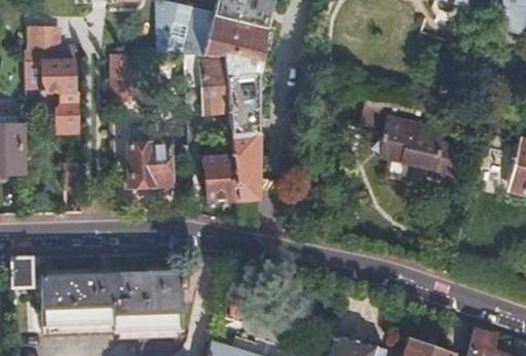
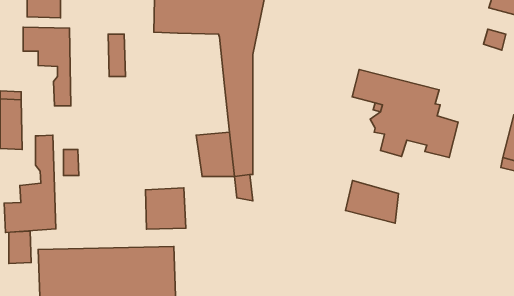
building: [194,58,229,111] -> none
building: [127,142,168,184] -> [145,188,186,229]
building: none -> [4,135,56,232]
building: none -> [346,180,398,223]

